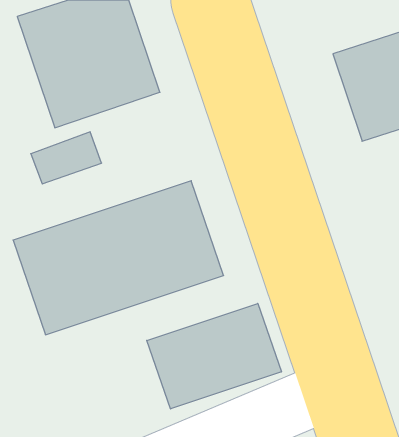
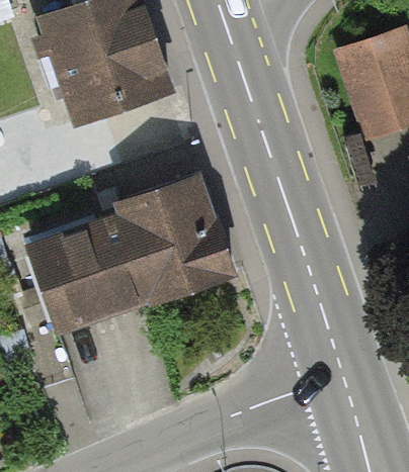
building: [147,303,281,409] -> none

